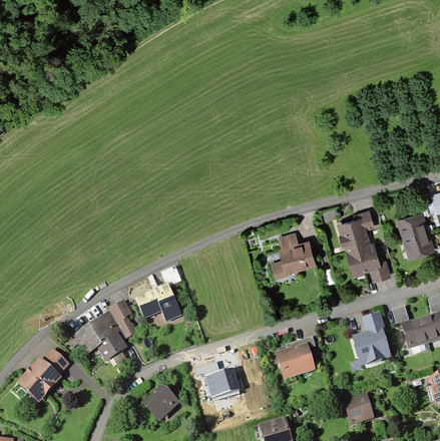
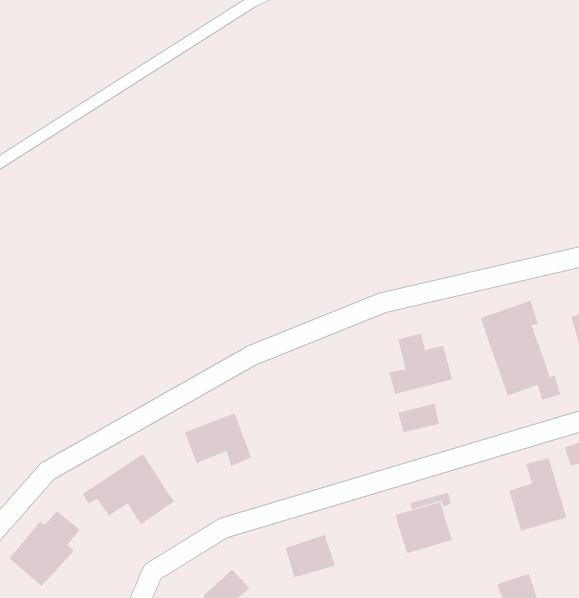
building: none -> [398,403,439,433]
building: [109,303,141,338] -> none

